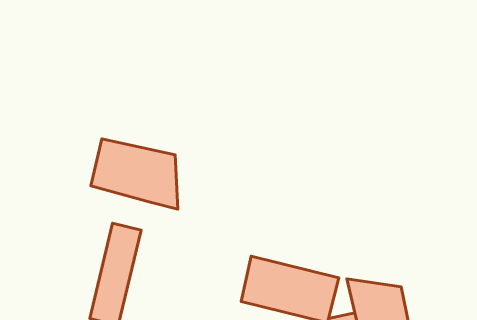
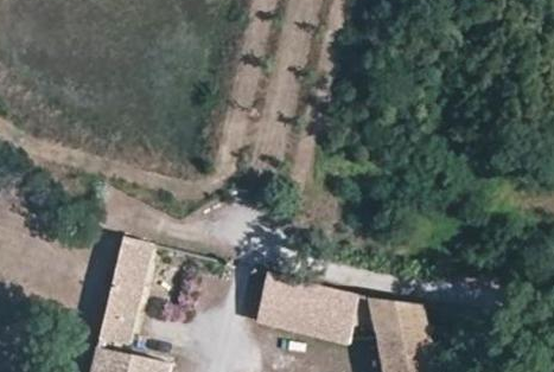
building: [91,139,178,209] -> none

